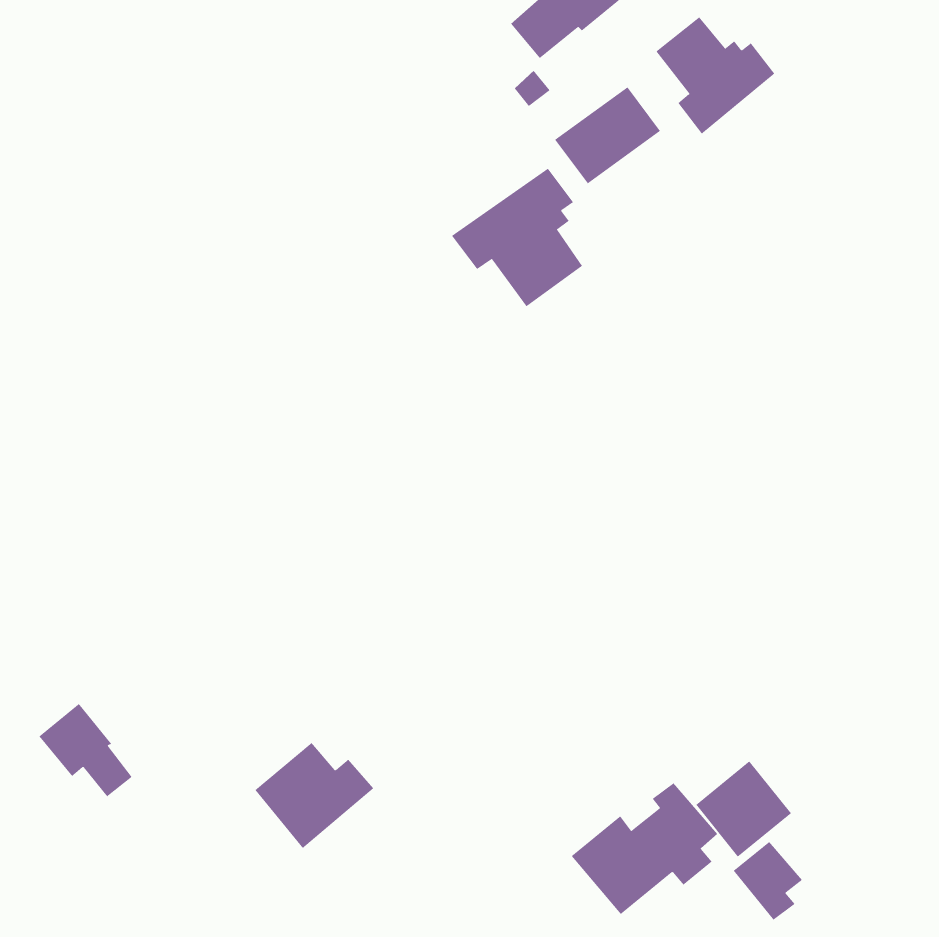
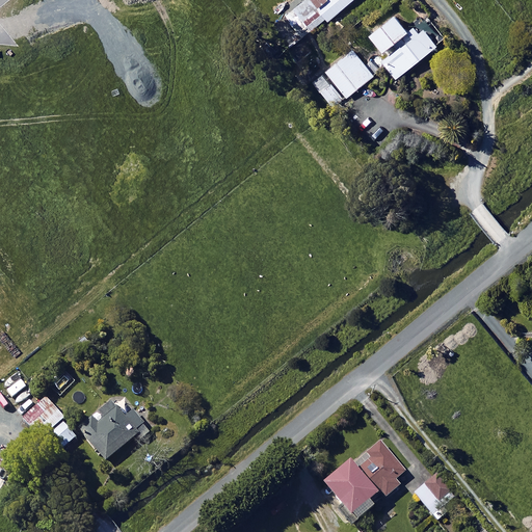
building: [451,168,583,307] -> none
building: [255,742,374,849] -> [79,401,147,461]
building: [695,761,792,858] -> none

